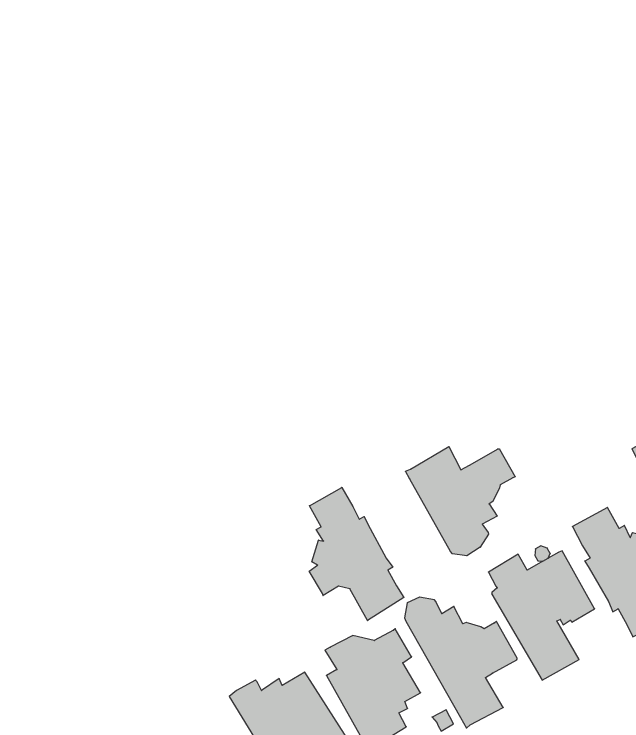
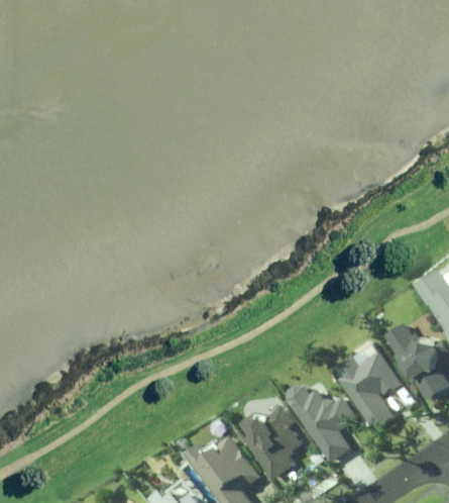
building: [405,447,515,556] -> none
building: [309,487,404,621] -> none

